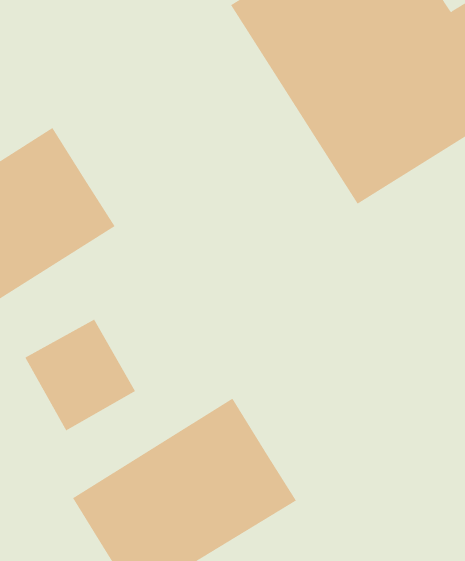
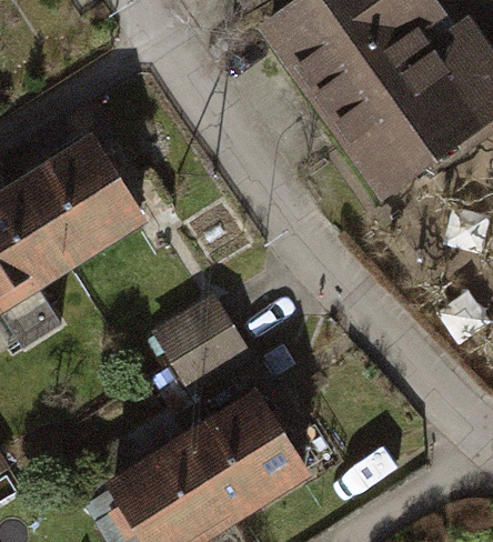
building: [25,319,136,431] -> [155,292,258,395]

